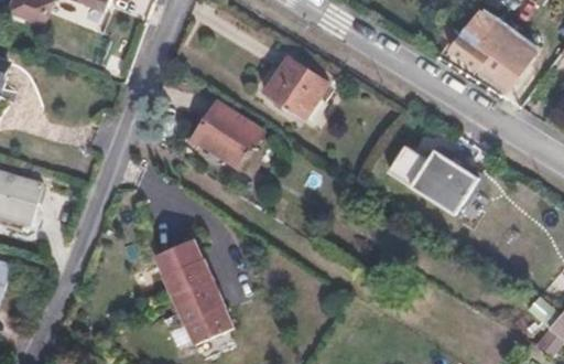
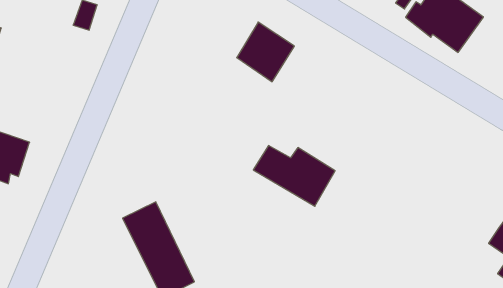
building: [195,100,265,167] -> none
building: [386,142,475,208] -> [253,146,335,206]

